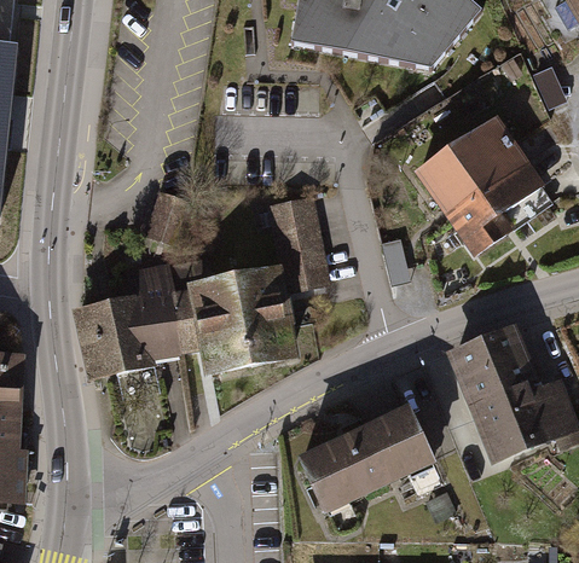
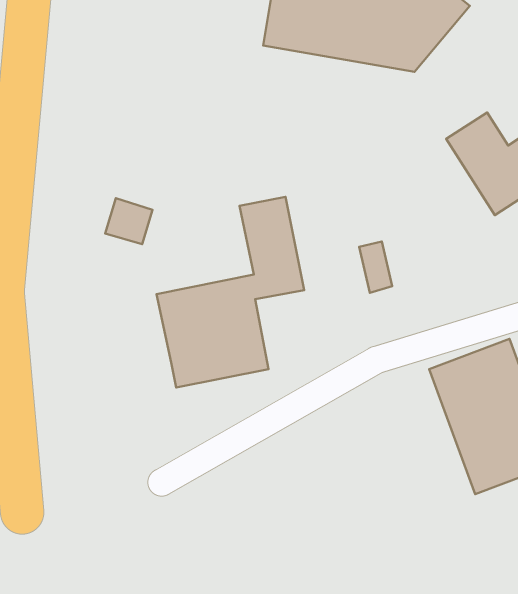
building: [413,138,515,254] -> none
building: [88,260,205,365] -> none
building: [289,404,430,518] -> none

